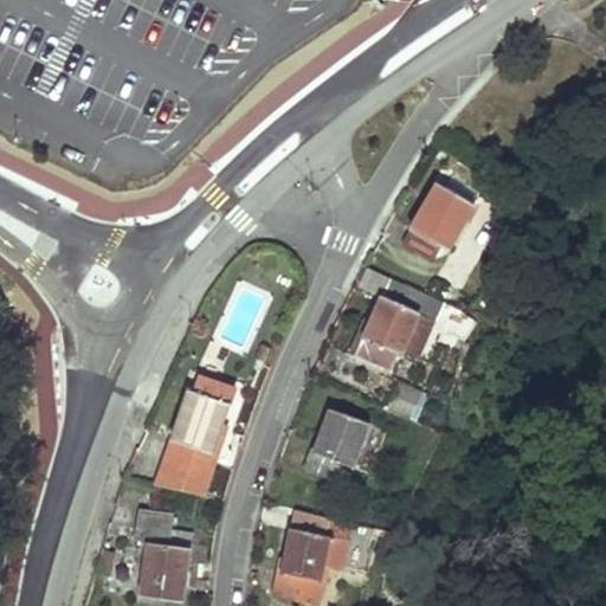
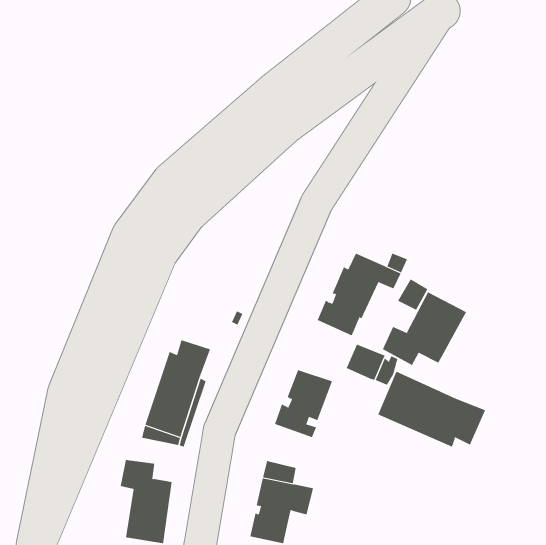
building: [402,183,473,259] -> none
building: none -> [382,292,467,366]
building: none -> [378,371,486,448]

